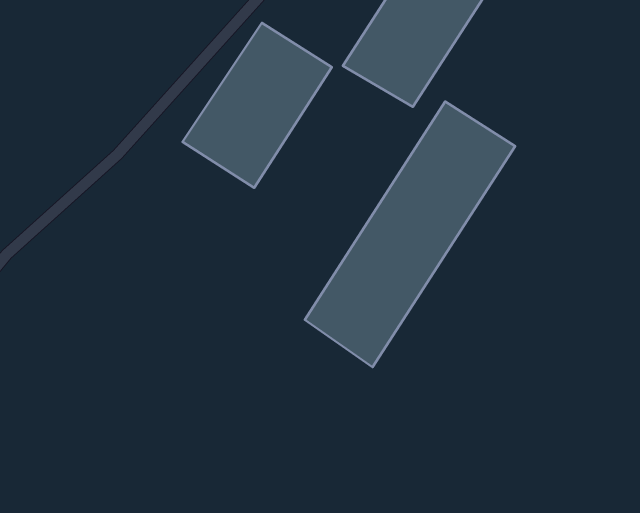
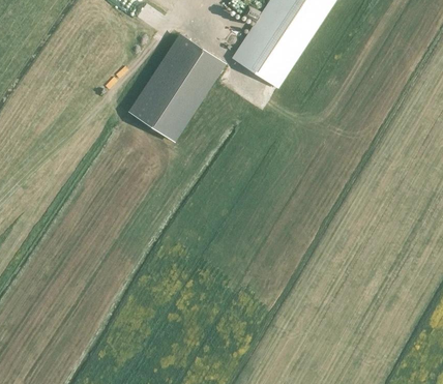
building: [305,102,515,367] -> none

